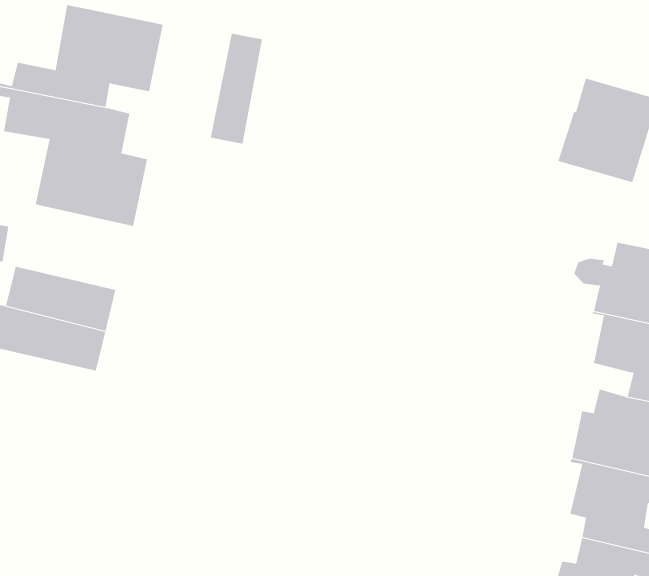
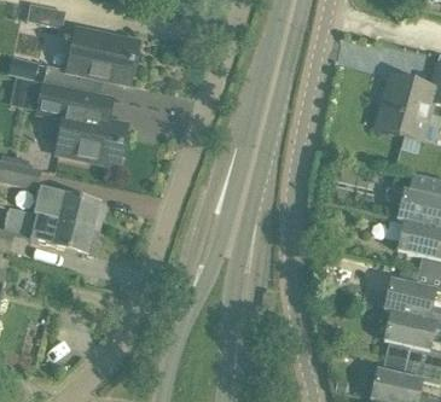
building: [210,33,263,145] -> none

